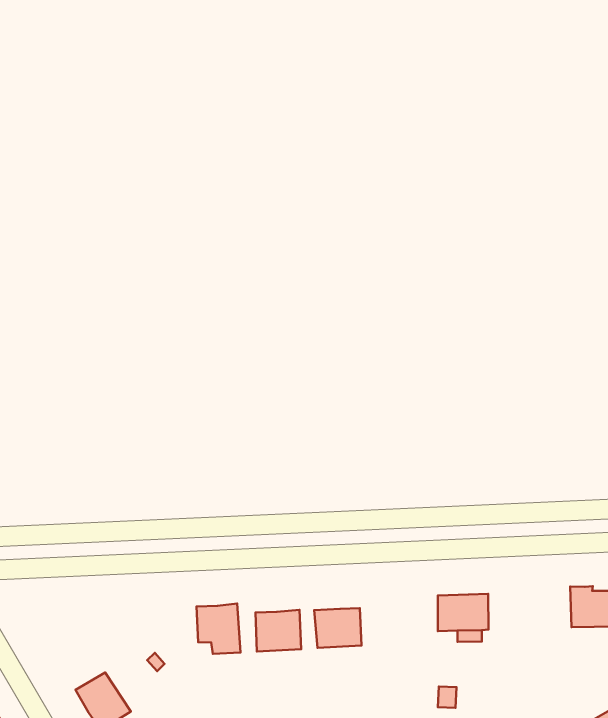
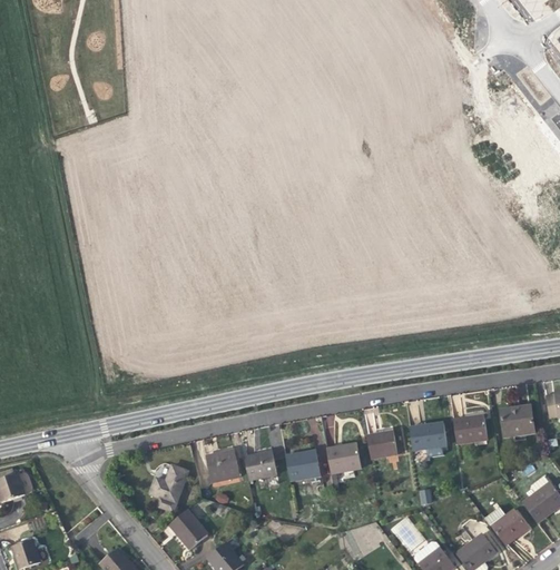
building: none -> [453,414,488,443]
building: none -> [206,449,240,482]
building: none -> [366,430,397,459]
building: none -> [151,464,189,503]

